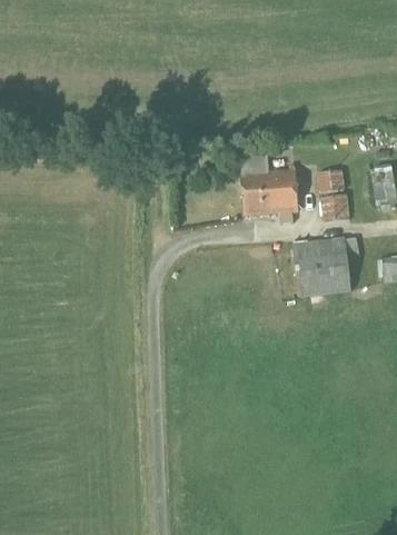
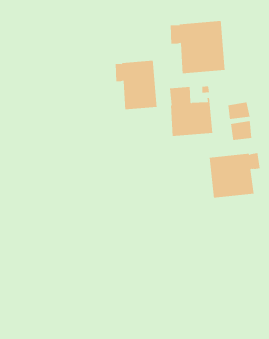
building: none -> [170,20,225,74]
building: none -> [115,60,157,110]

